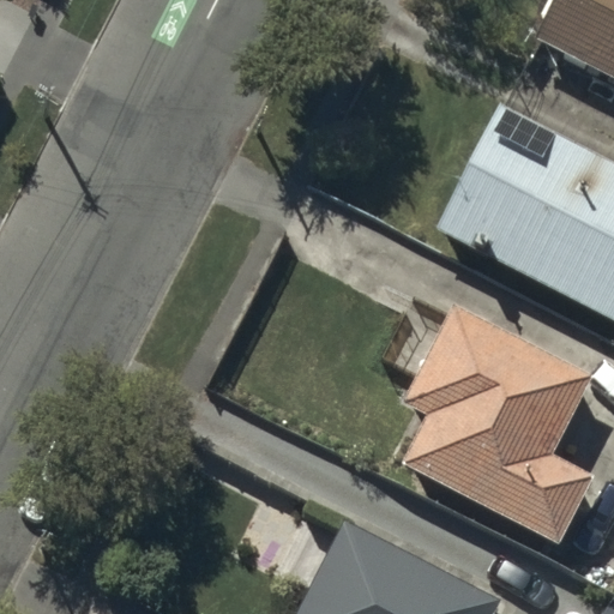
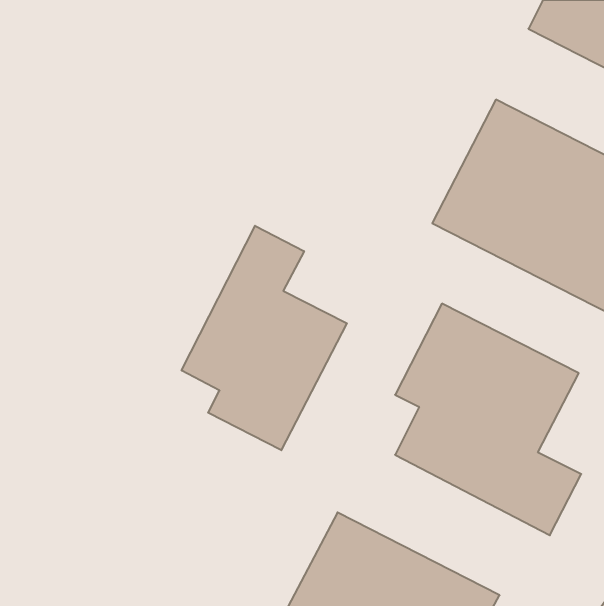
building: none -> [182,226,347,450]

